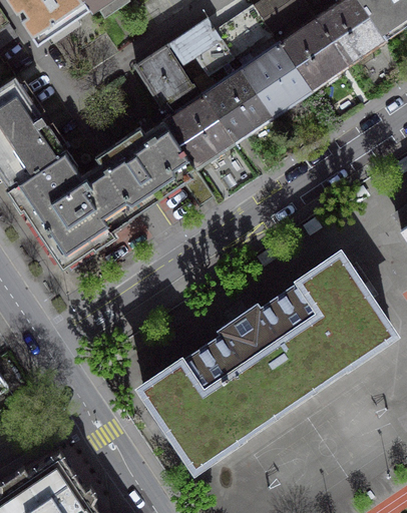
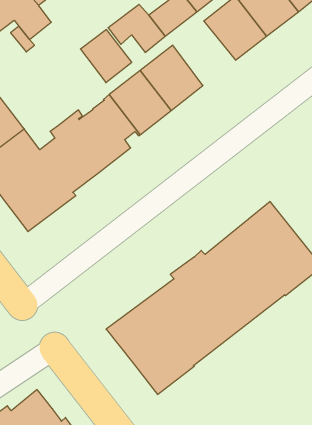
building: [241,43,311,116] -> none

